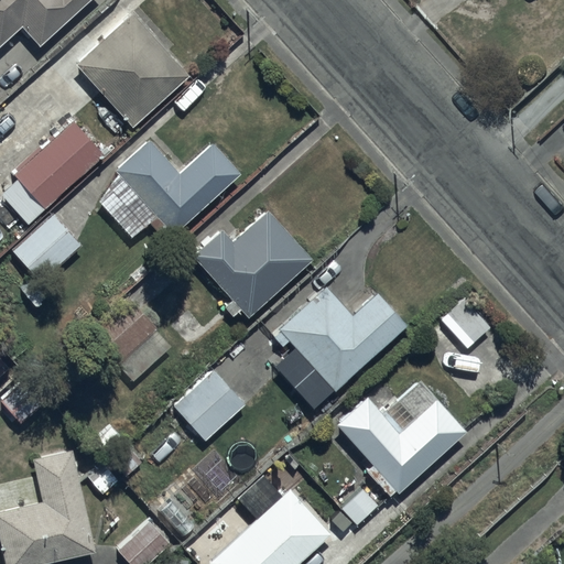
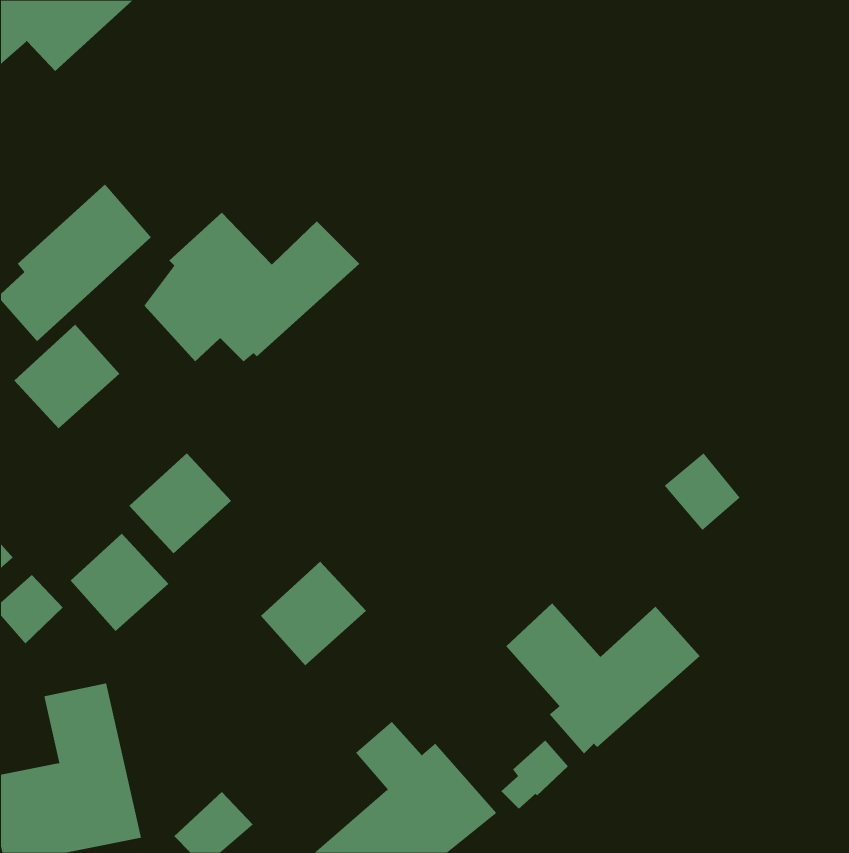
building: [76,15,189,128] -> none
building: [194,210,312,319] -> none
building: [274,288,406,392] -> none
building: none -> [70,533,169,632]

